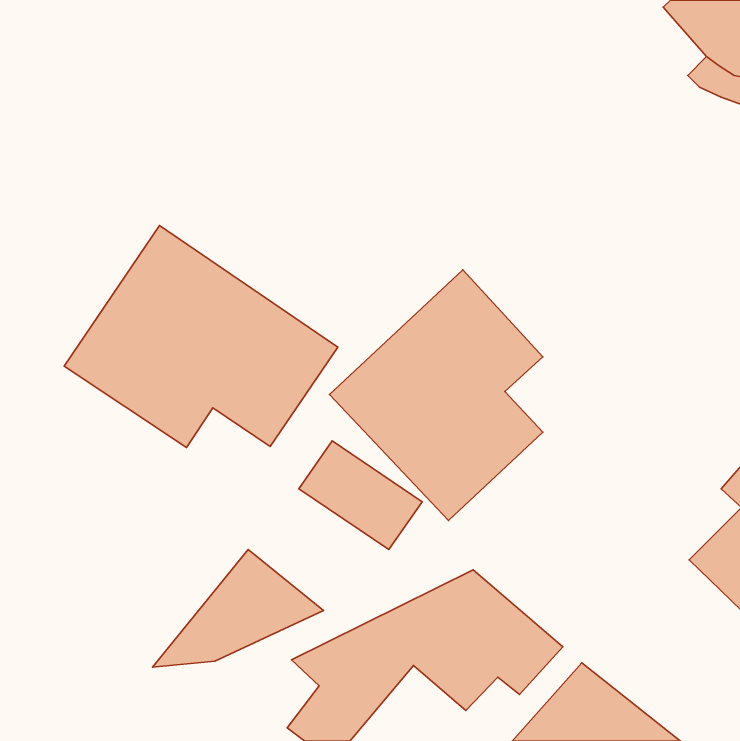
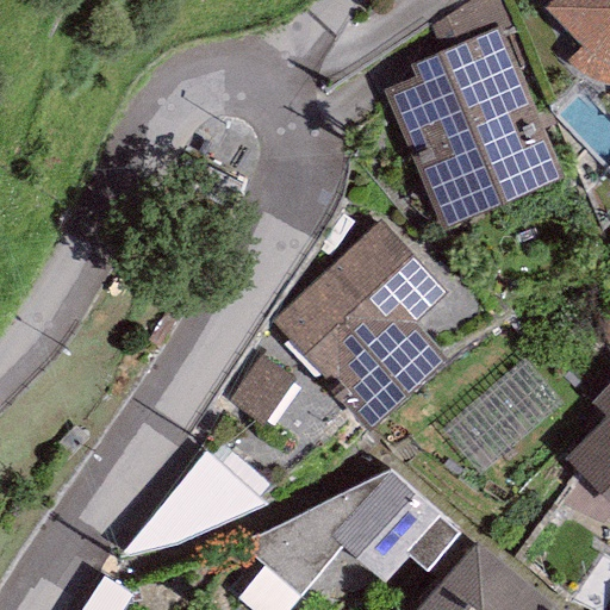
building: none -> [385,26,562,232]
building: [64,225,338,448] -> none

